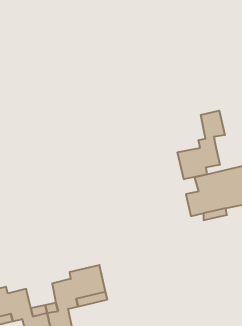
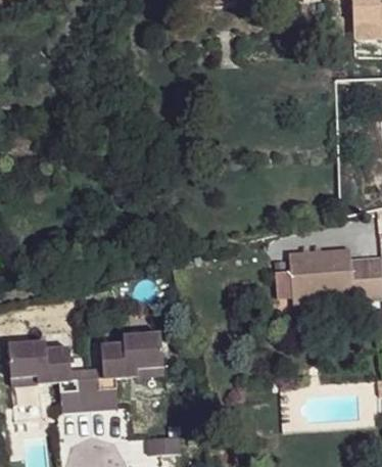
building: [178,111,225,179] -> none

